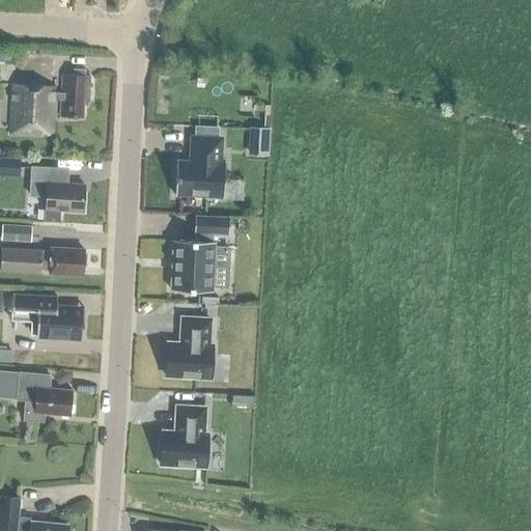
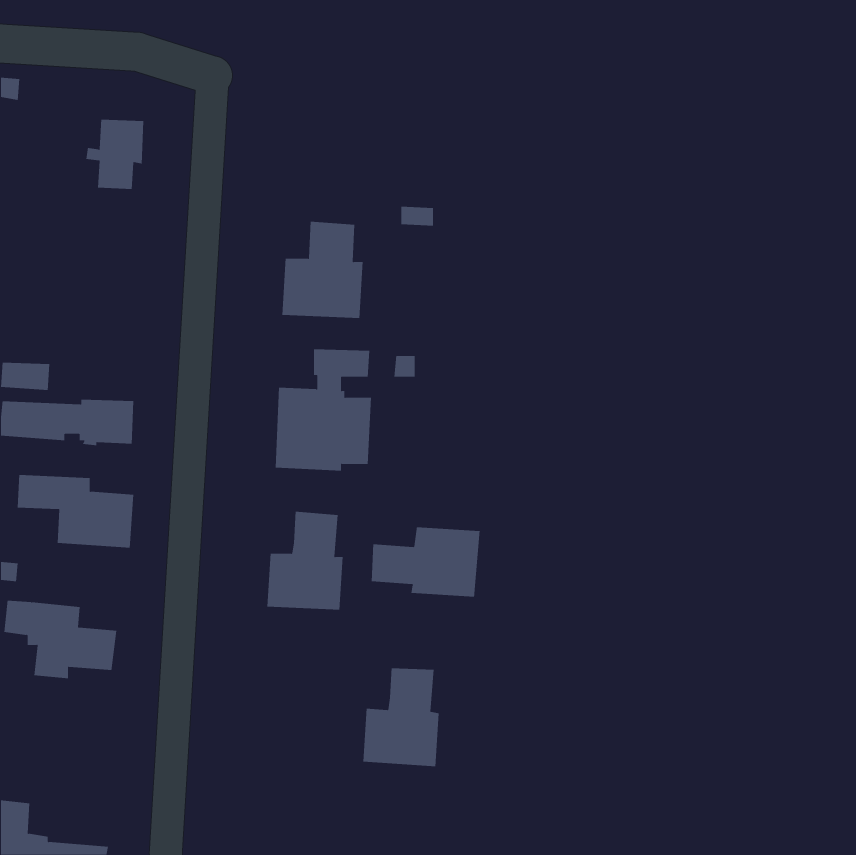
building: [9,82,54,136] -> none
building: [30,167,84,221] -> none
building: none -> [371,527,480,597]
building: [160,406,207,467] -> [362,668,439,767]

